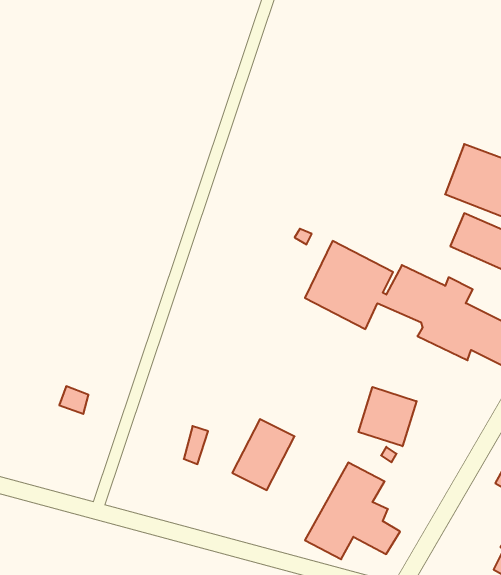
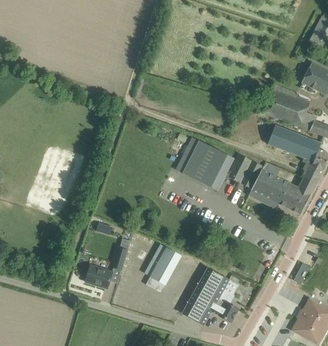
building: [358,387,417,446] -> none
building: none -> [85,265,112,288]

